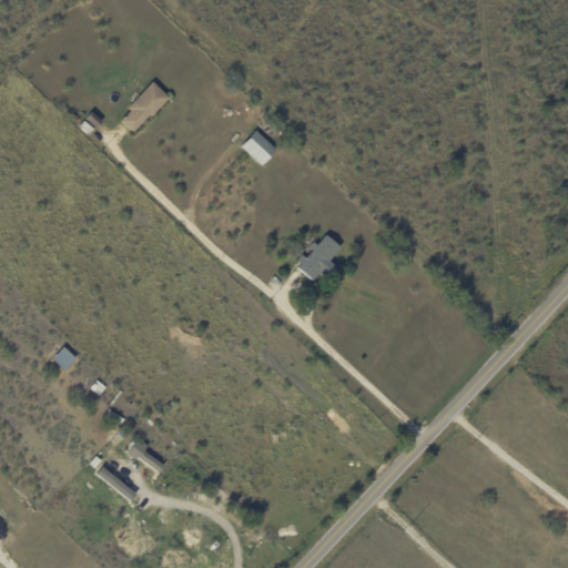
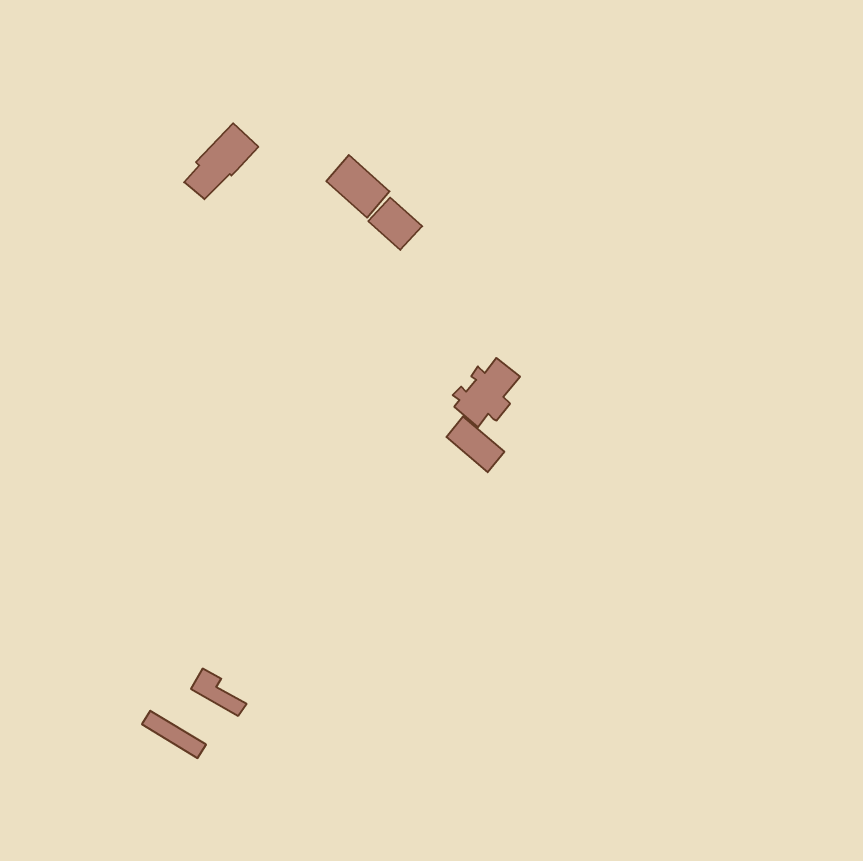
building: none -> [326,155,390,218]
building: none -> [446,416,504,472]

